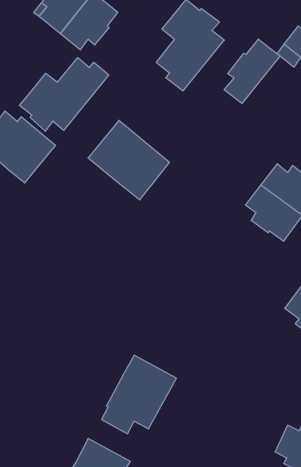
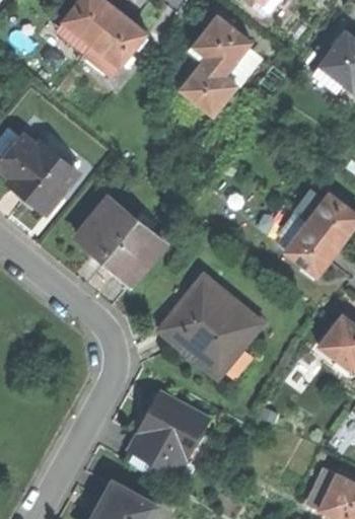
building: [224,39,280,103] -> none
building: [19,58,109,131] -> none
building: [88,120,169,200] -> [77,199,163,283]
building: none -> [159,275,262,377]

